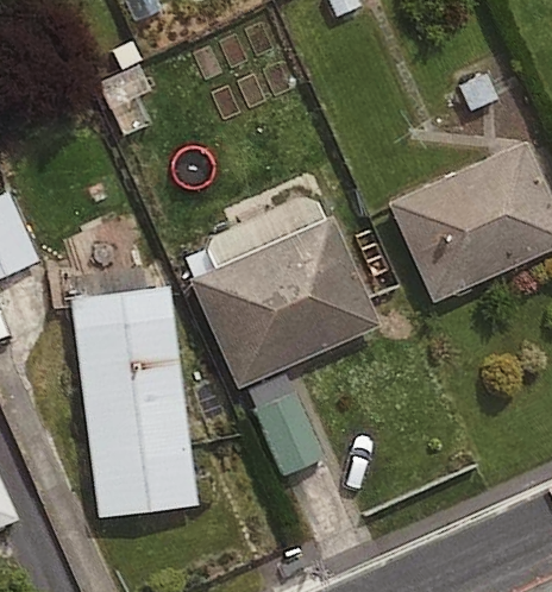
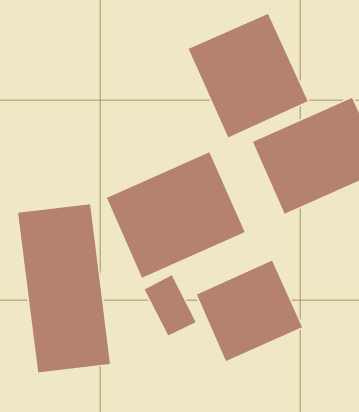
building: none -> [188,13,309,138]
building: none -> [196,260,303,362]

